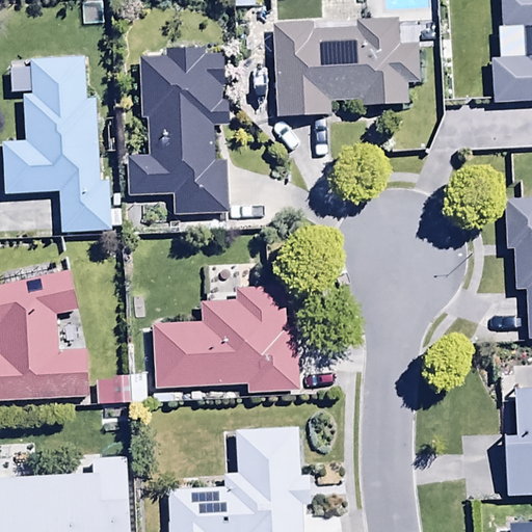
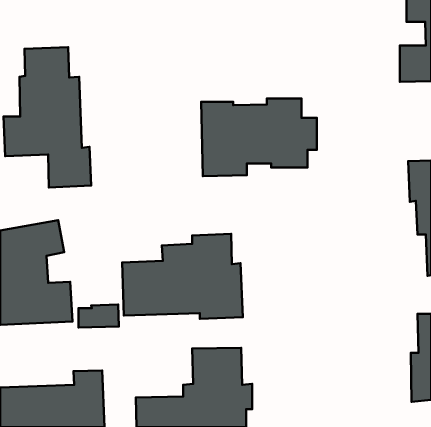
building: [274,20,417,115] -> [201,98,317,176]
building: [129,46,232,215] -> none

